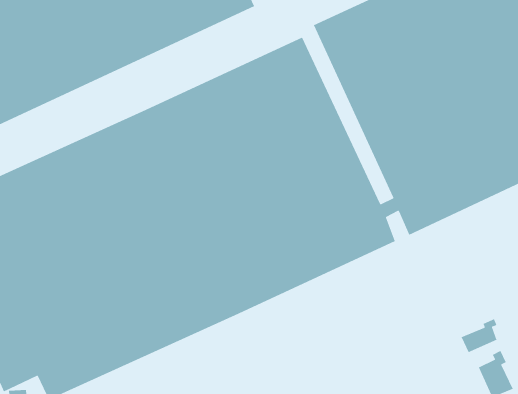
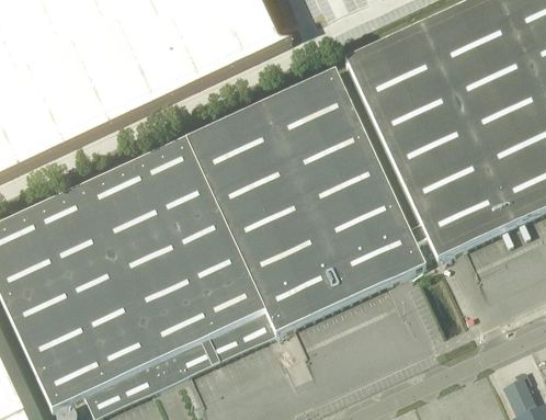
building: [460,318,498,353] -> none

